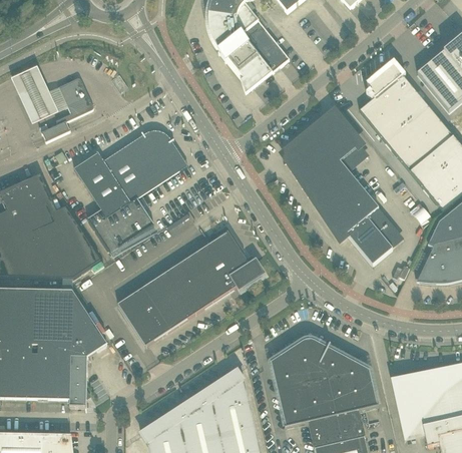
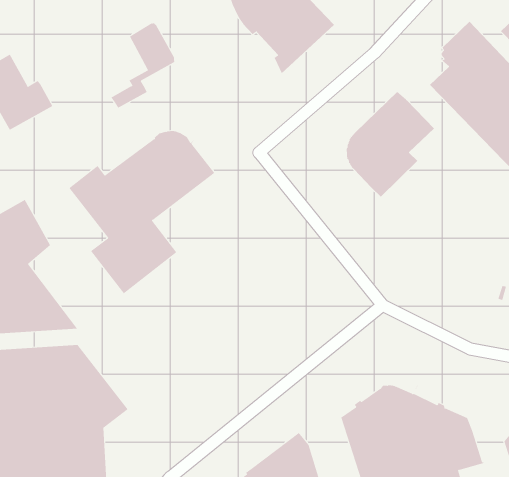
building: [40,76,92,140] -> [110,23,175,109]
building: [310,167,392,264] -> none
building: [38,206,99,277] -> none
building: [117,223,260,345] -> none

